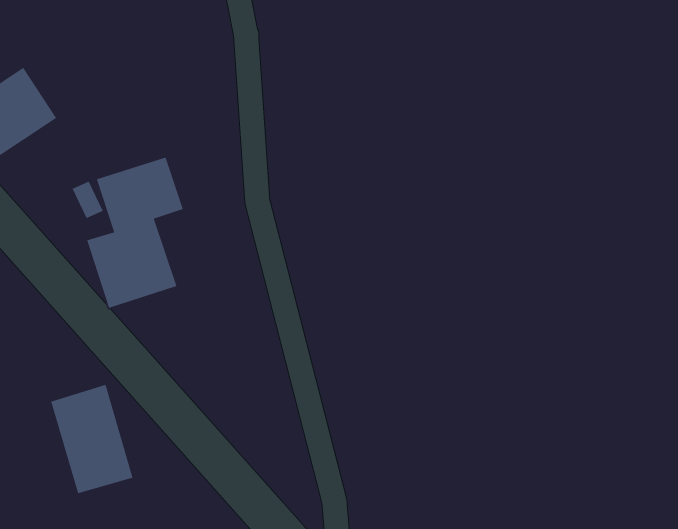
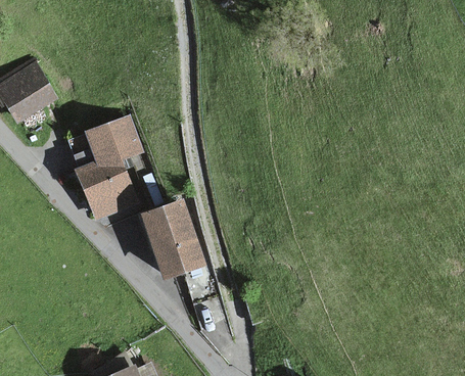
building: [50,384,133,494] -> [152,201,205,272]

